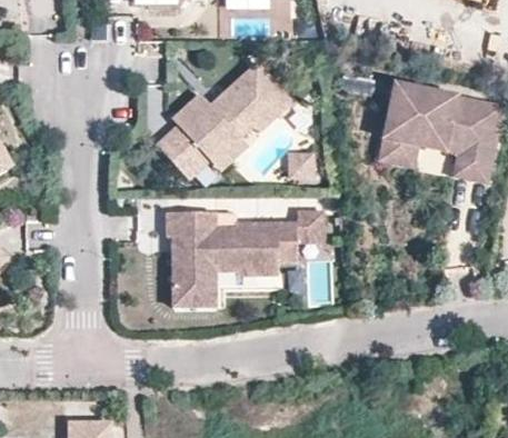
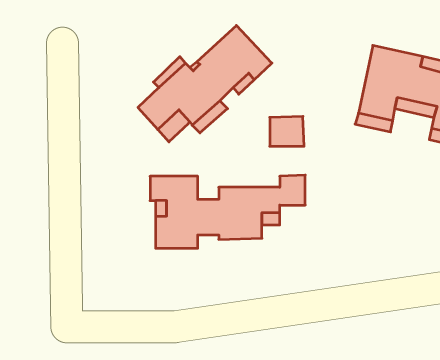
building: [175,285,218,307] -> none

